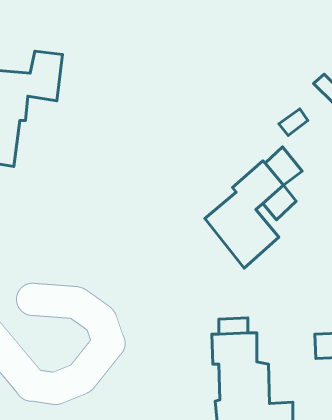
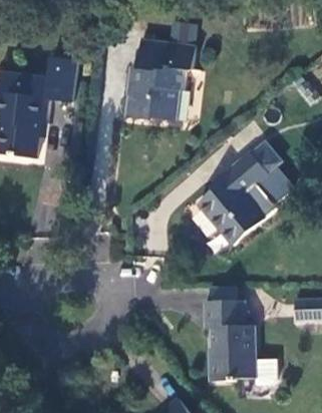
building: none -> [125,43,197,122]

